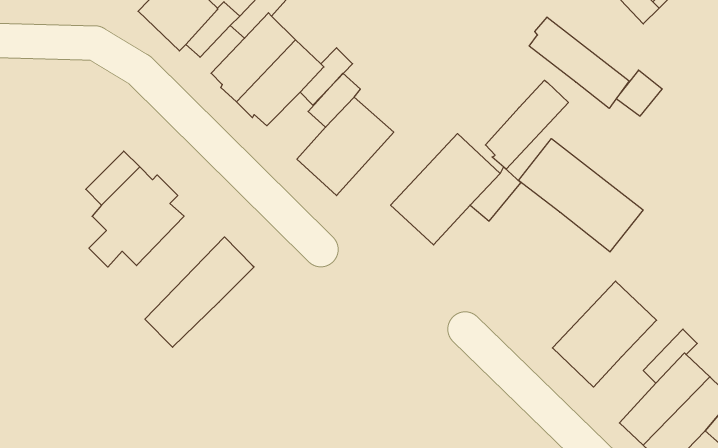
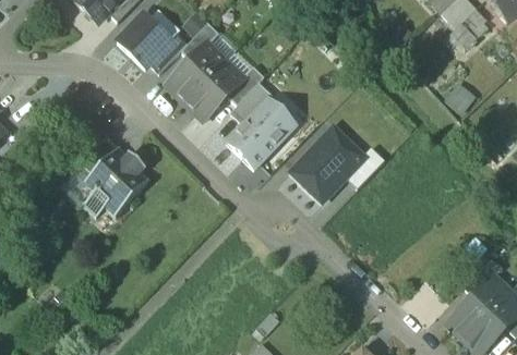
building: [529,17,629,108] -> none
building: [485,80,568,169] -> none
building: [518,139,643,252] -> none
building: [145,237,254,347] -> none
building: [552,281,657,387] -> none

